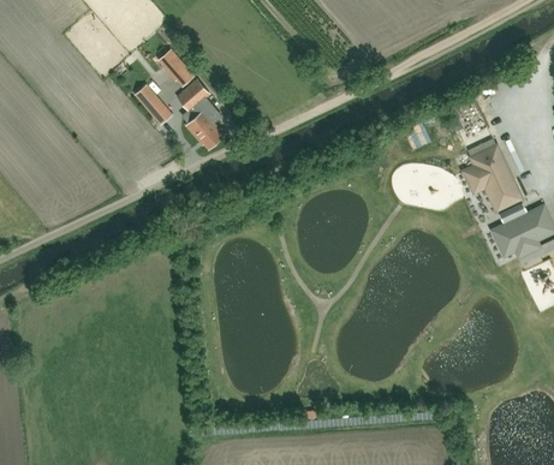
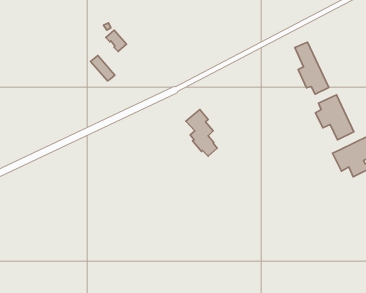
building: none -> [295,42,329,94]
building: [175,78,221,147] -> [186,110,217,156]

